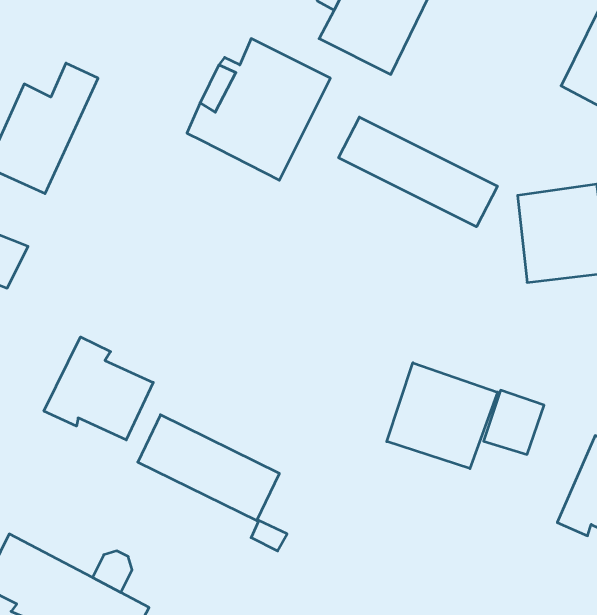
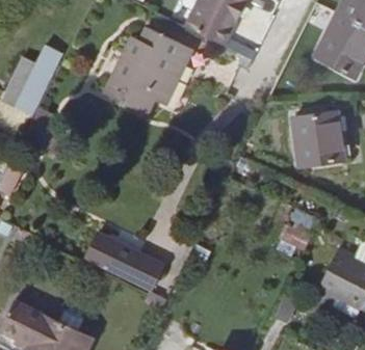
building: [339,117,497,227] -> none
building: [44,337,153,440] -> none
building: [387,363,498,469] -> none

